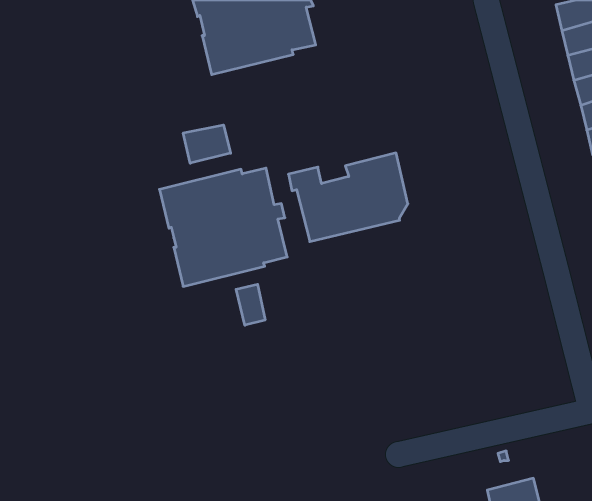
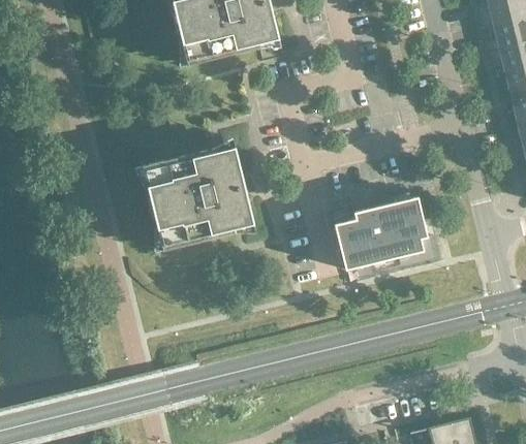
building: [183,125,231,163] -> none
building: [288,153,408,242] -> [326,192,430,269]
building: [236,284,265,325] -> none

